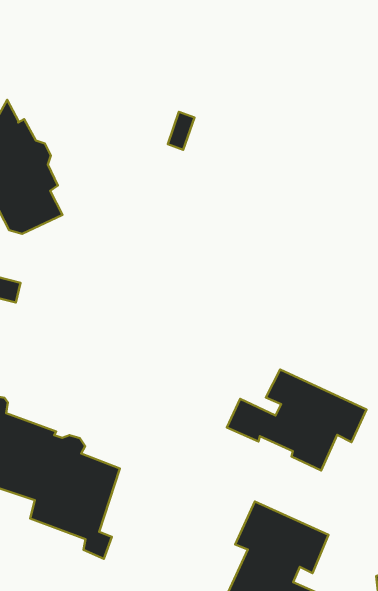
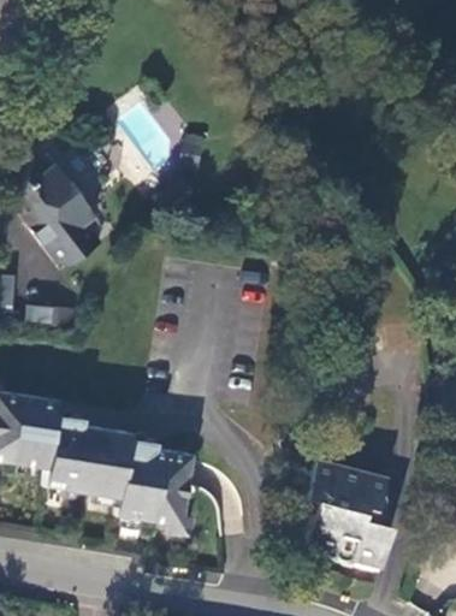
building: [227,370,366,470] -> none

